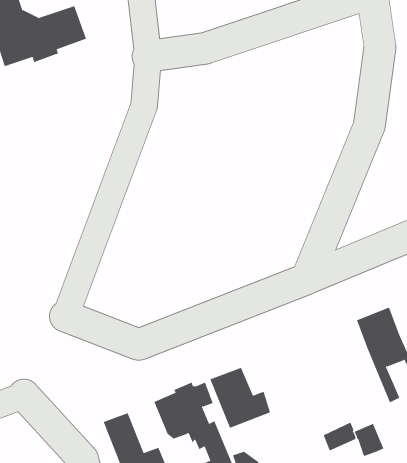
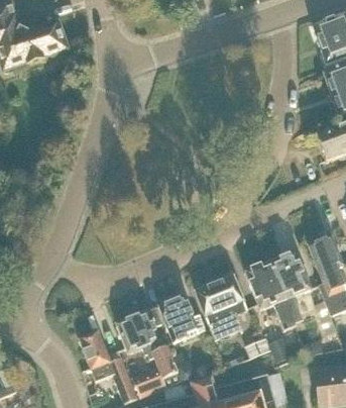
building: none -> [245,259,296,327]
building: none -> [196,274,247,338]

